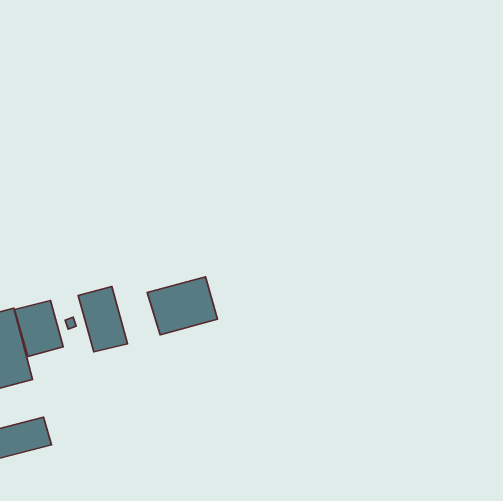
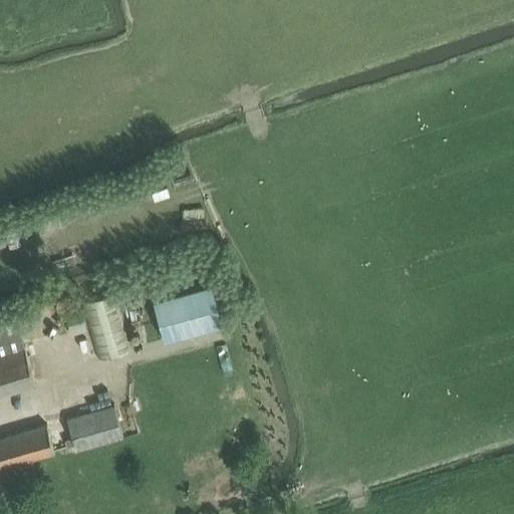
building: [15,301,63,356] -> none
building: none -> [65,408,121,454]

